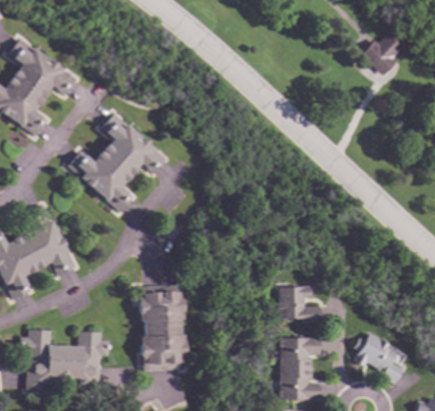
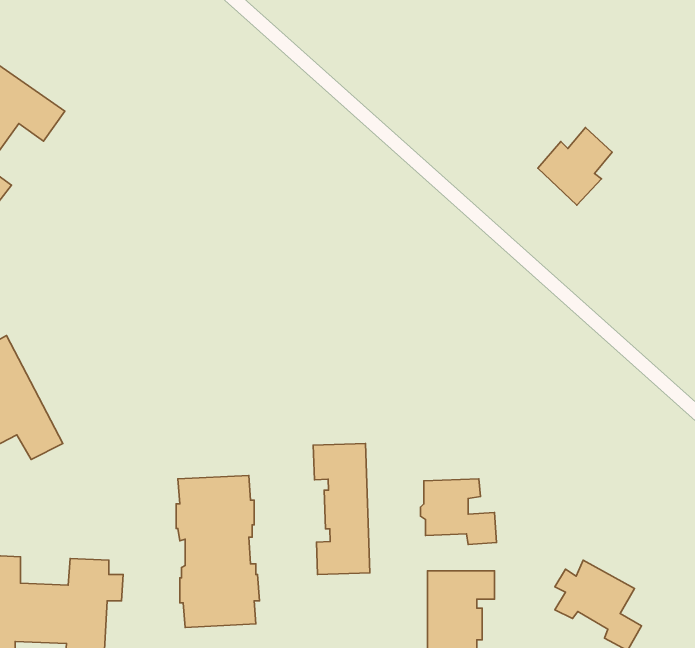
building: [360,31,402,75] -> [538,127,612,205]
building: [67,113,165,211] -> none
building: none -> [313,444,370,574]

